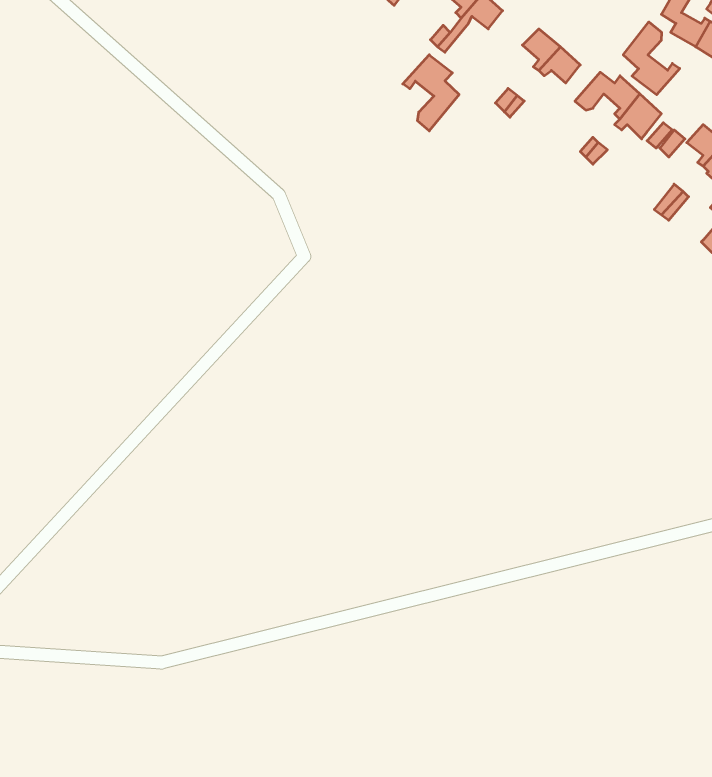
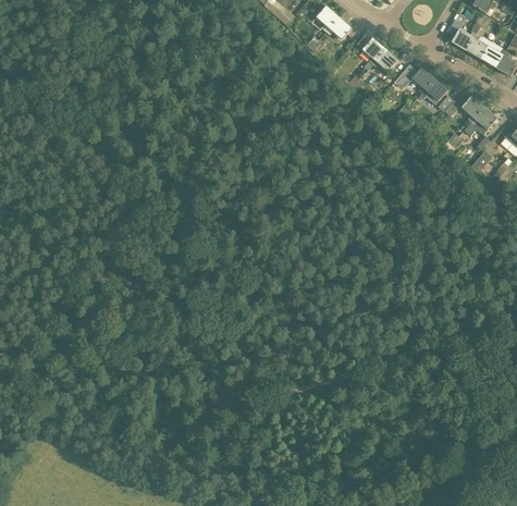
building: [623,22,680,95] -> none
building: [403,55,459,131] -> none

